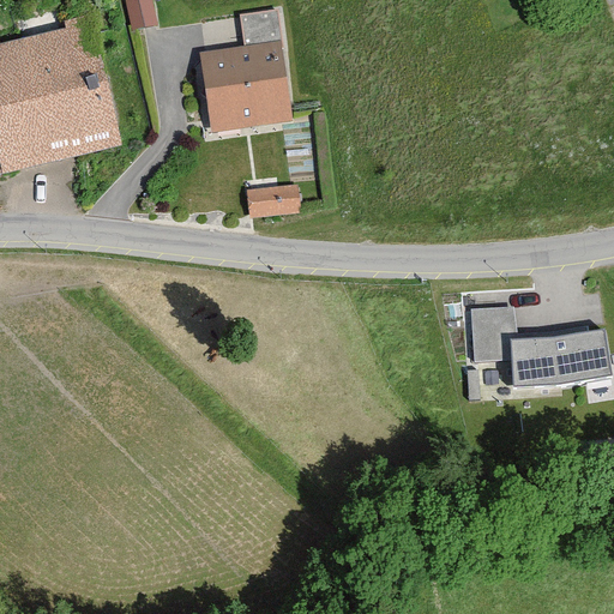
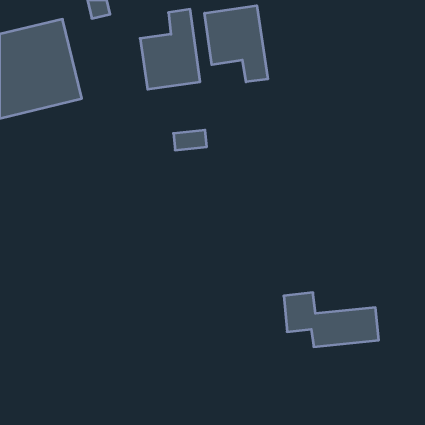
building: none -> [205,6,268,82]
building: [470,305,607,383] -> [284,293,379,347]

